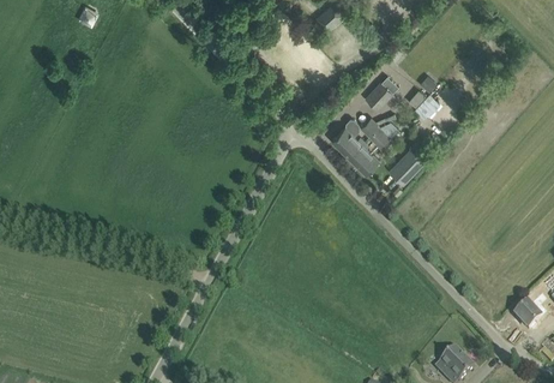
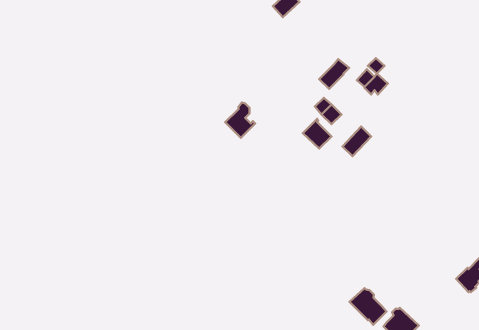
building: [331,118,363,156] -> [225,102,255,138]
building: none -> [349,288,386,325]

